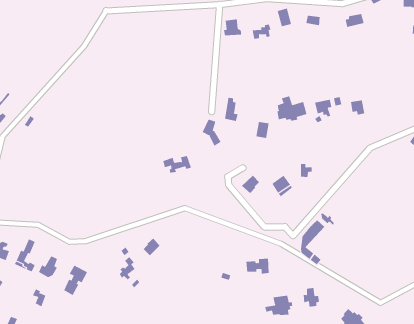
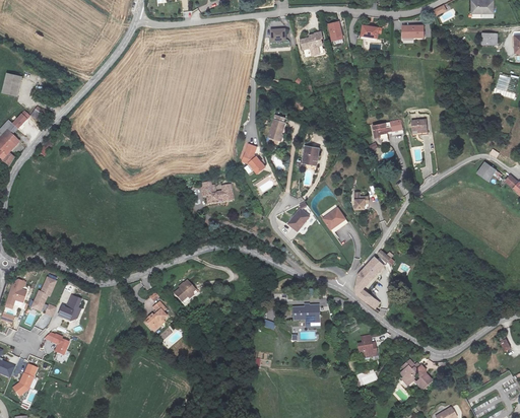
building: [277,95,307,122] -> none
building: [63,265,88,296] -> none
building: [265,295,293,316] -> none

